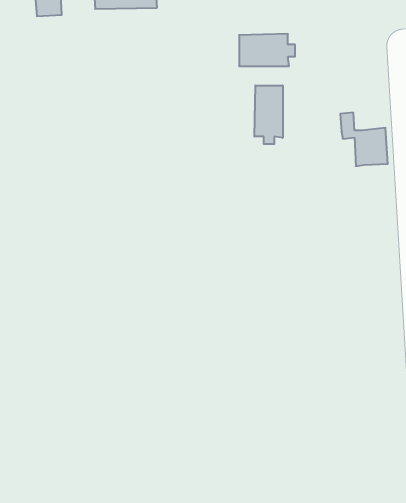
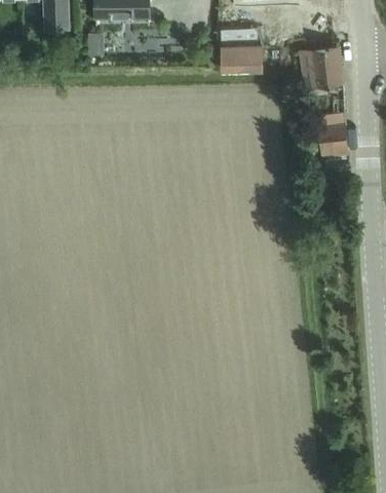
building: none -> [305,46,340,91]
building: [254,85,283,144] -> none

